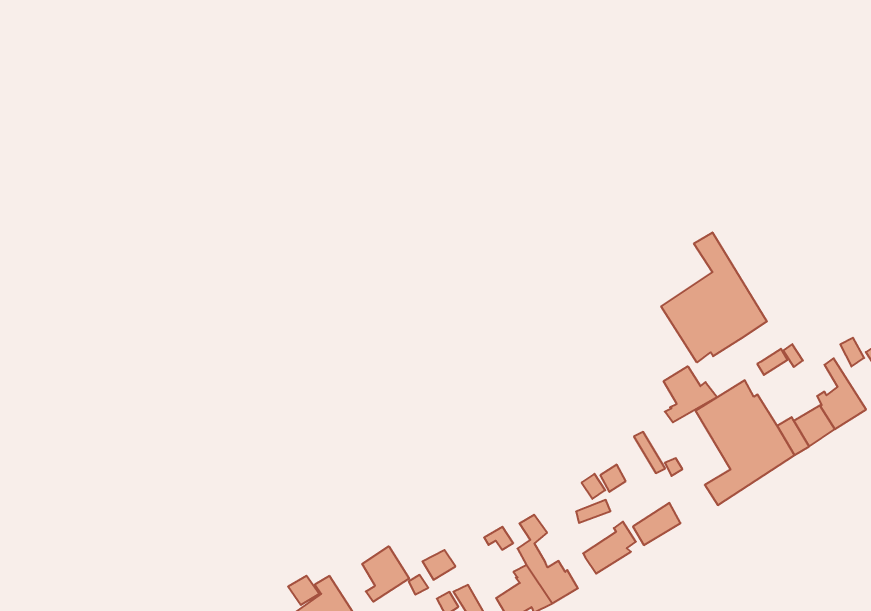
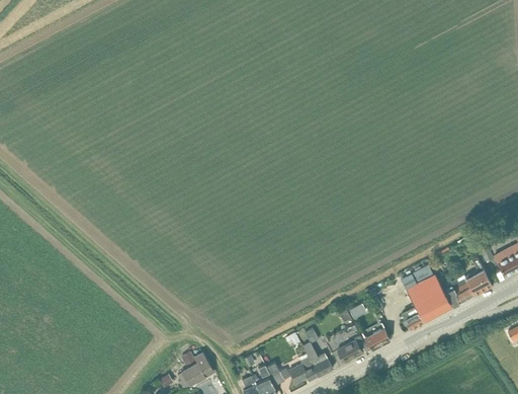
building: [661,232,767,362] -> none
building: [664,366,717,422] -> none
building: [362,546,409,602] -> none

